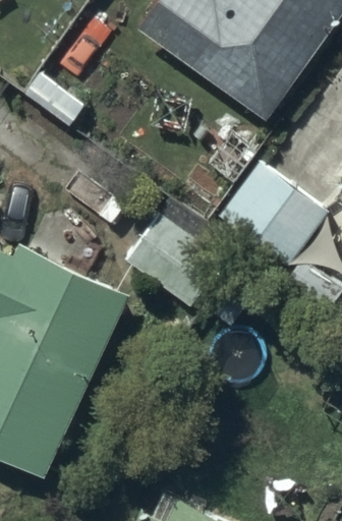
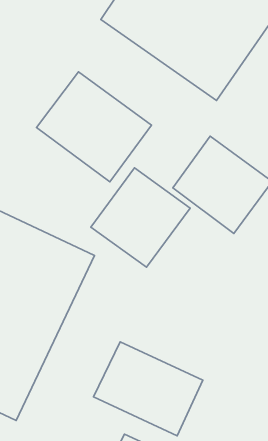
building: none -> [36,72,151,182]
building: none -> [94,342,203,436]

